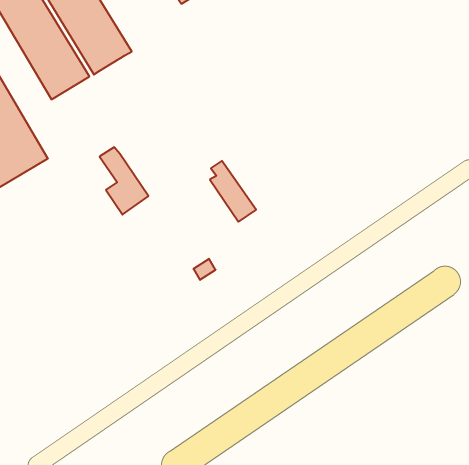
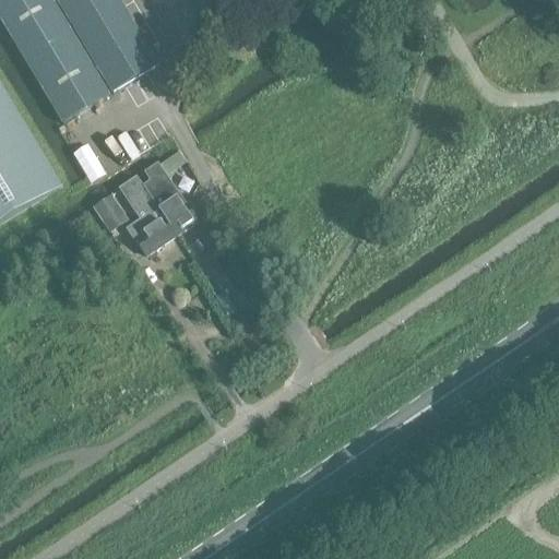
building: [210,161,256,222] -> [142,160,197,233]
building: none -> [92,191,127,229]

